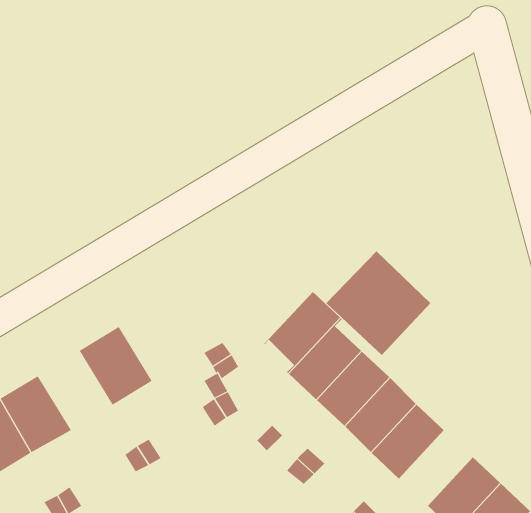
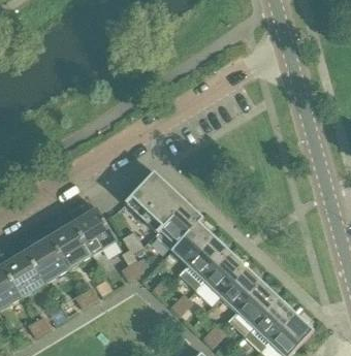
building: [326,250,431,356] -> [124,169,186,231]
building: none -> [72,206,116,253]
building: none -> [25,235,68,282]
building: none -> [236,282,280,326]

